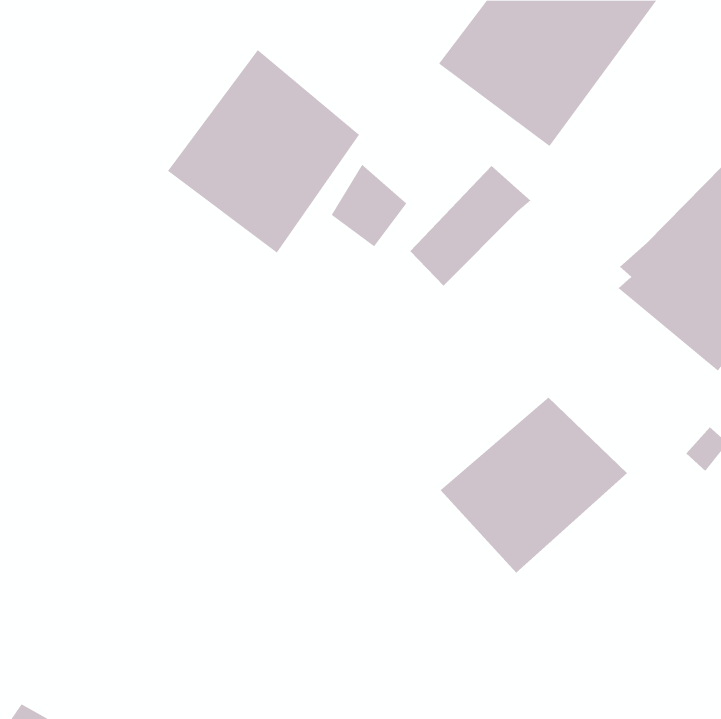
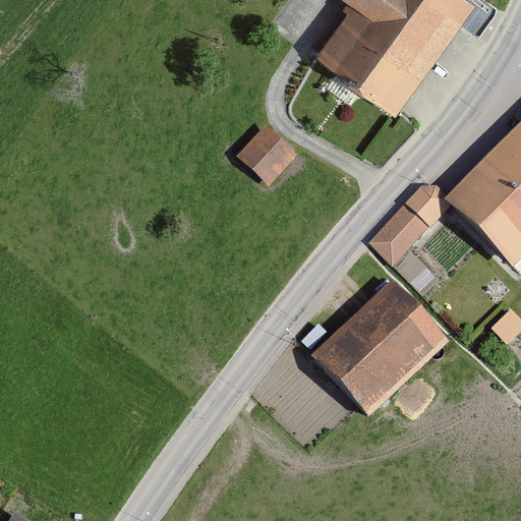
building: [167,49,360,254] -> none
building: [409,165,531,287] -> [367,176,455,264]

